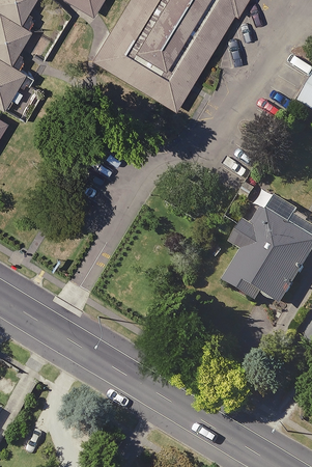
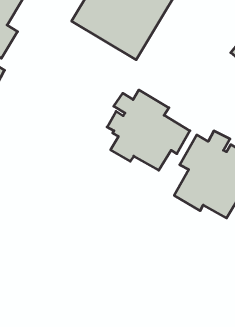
building: none -> [107,90,190,170]

